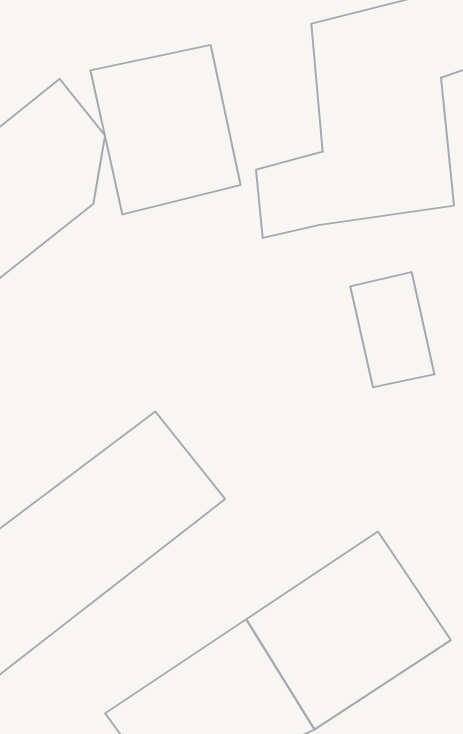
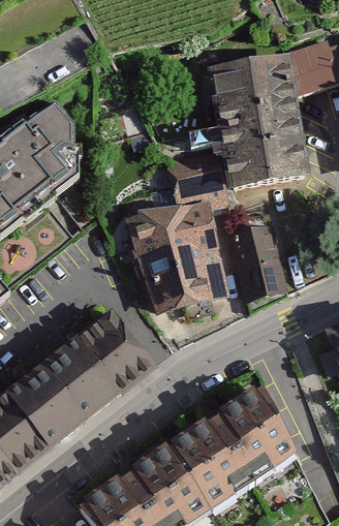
building: [90,45,241,215] -> none
building: none -> [127,203,227,313]

